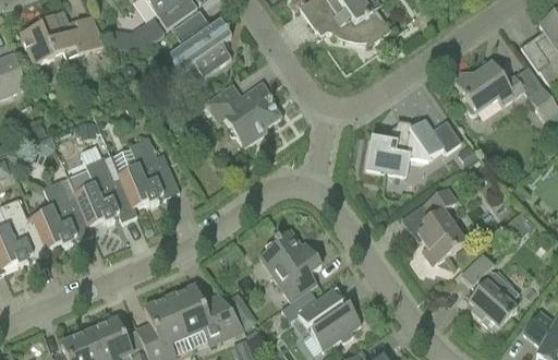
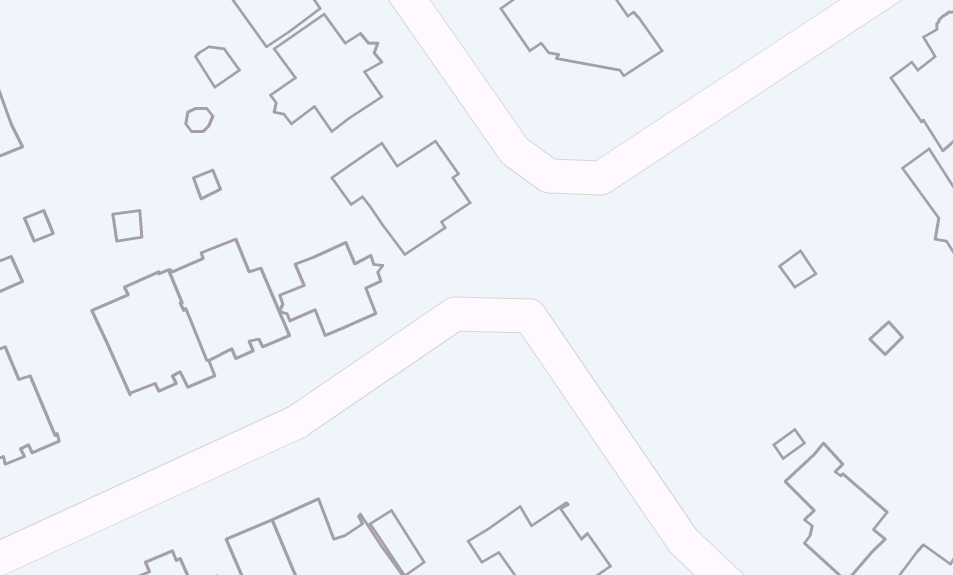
building: [20,10,104,65] -> none
building: [453,62,523,116] -> none
building: [364,118,460,175] -> none
building: none -> [279,242,383,335]
building: [32,178,93,249] -> none
building: [416,187,464,265] -> none
building: [258,228,320,302] -> none

